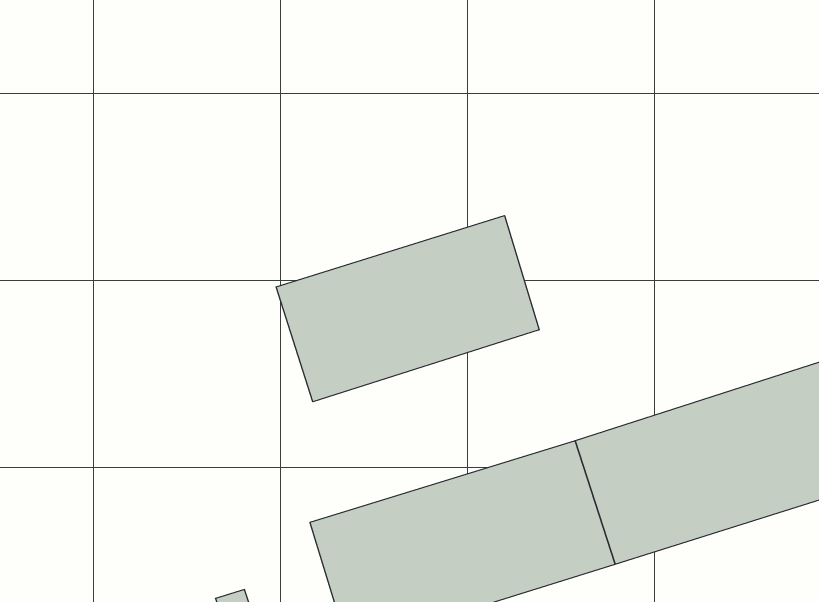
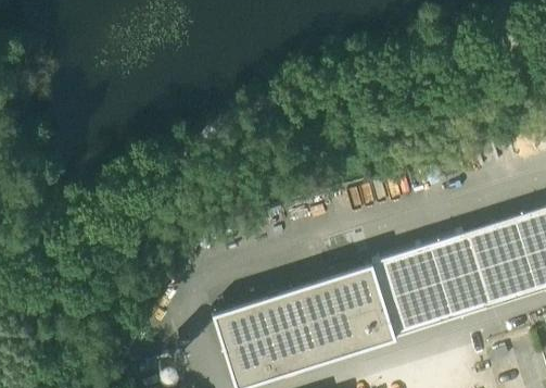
building: [276,216,539,402] -> none

